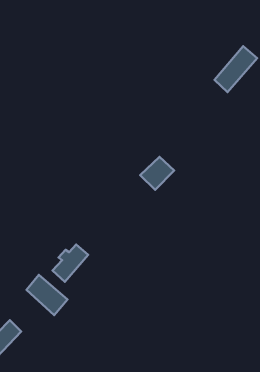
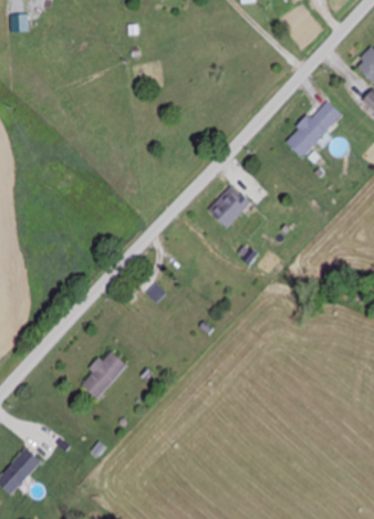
building: [140,157,174,190] -> [207,186,250,228]
building: [26,275,68,315] -> none

